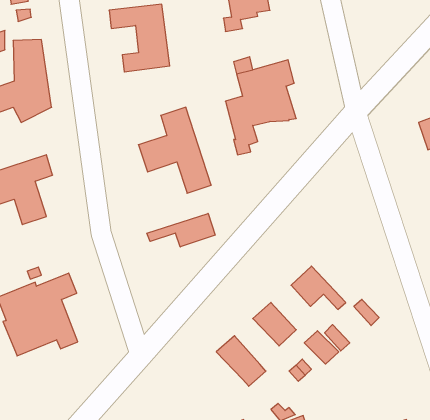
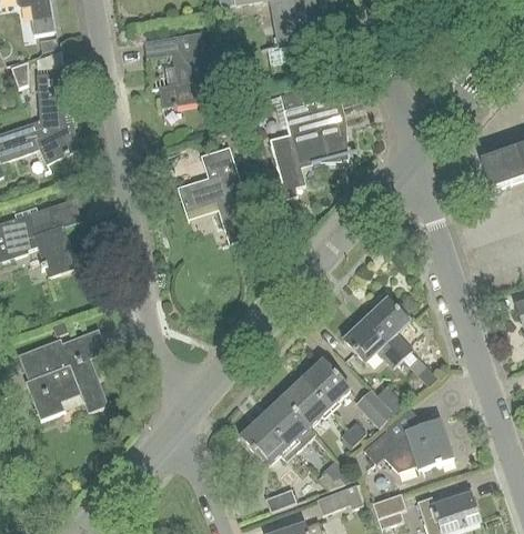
building: [147,213,215,247] -> none
building: none -> [364,298,411,360]
building: none -> [280,377,329,427]
building: none -> [240,414,295,463]
building: none -> [363,421,453,471]

